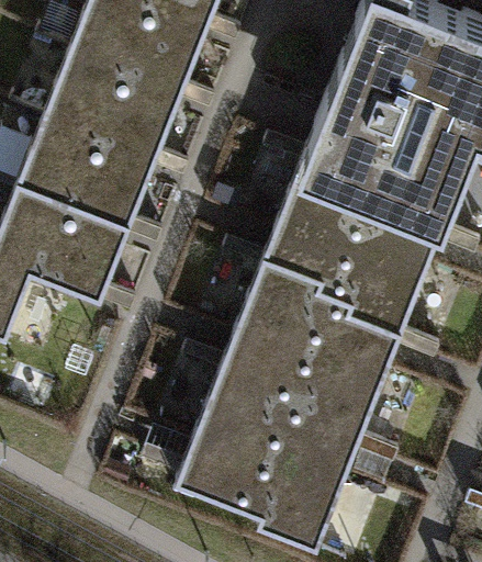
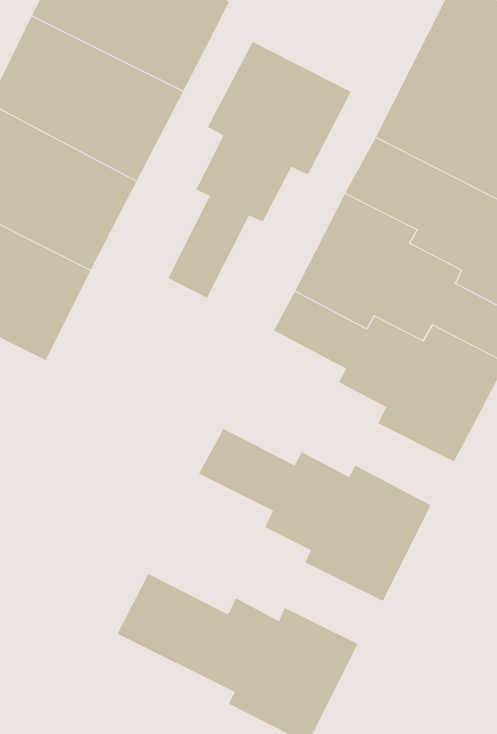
building: none -> [167,41,351,299]
building: [233,257,399,369] -> none
building: [190,363,358,472] -> none

